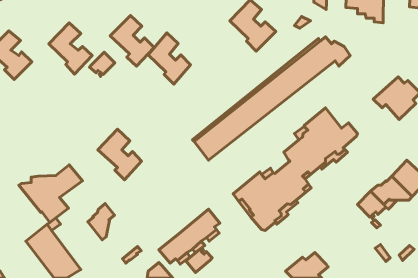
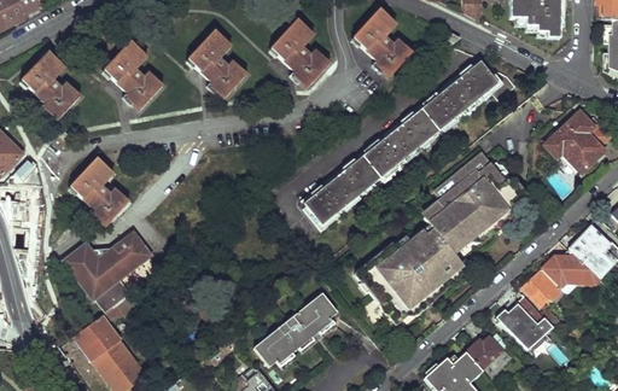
building: [148,33,191,84] -> [272,18,330,88]
building: [90,52,115,76] -> none
building: [98,129,141,180] -> [69,158,128,227]
building: [88,203,115,240] -> none
building: none -> [497,296,553,350]
building: none -> [466,335,502,368]
building: [186,248,212,272] -> none

